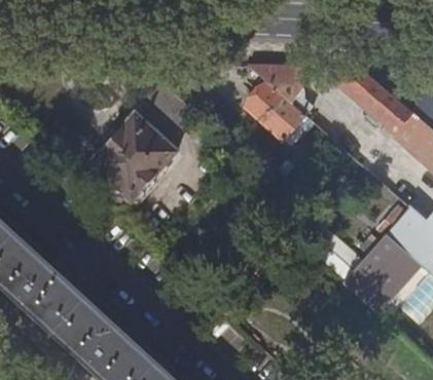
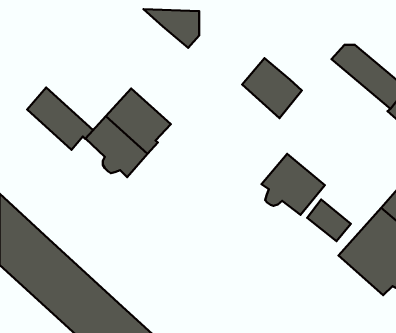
building: [249,65,305,104] -> [143,9,199,48]
building: none -> [27,88,93,150]
building: none -> [262,154,325,215]

